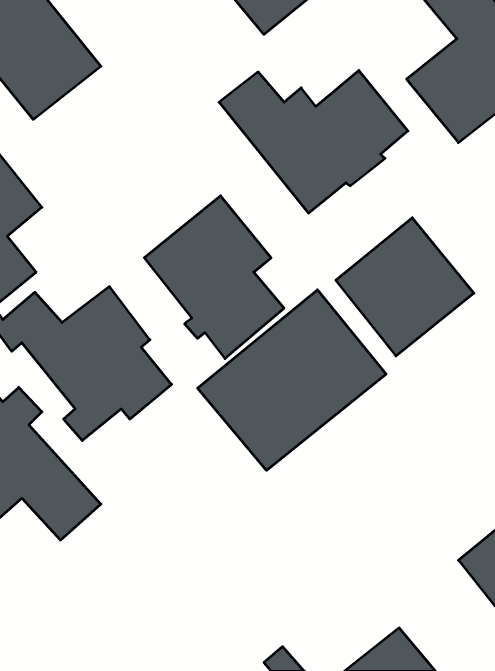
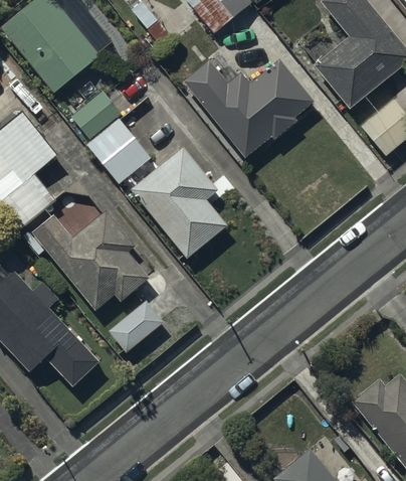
building: none -> [71,91,152,184]
building: [336,218,474,356] -> none
building: [198,290,386,470] -> none
building: none -> [109,299,165,353]

